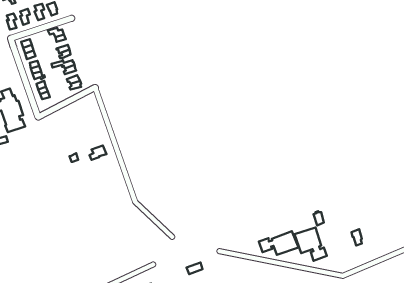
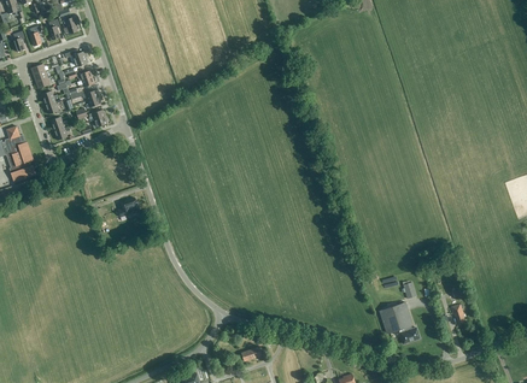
building: [259,231,298,255] -> none

